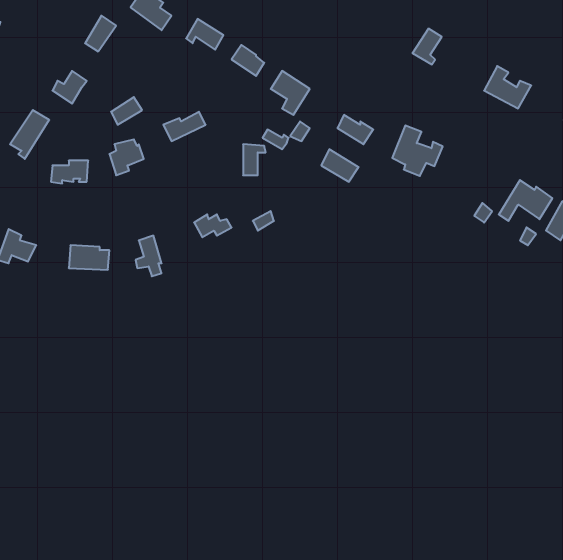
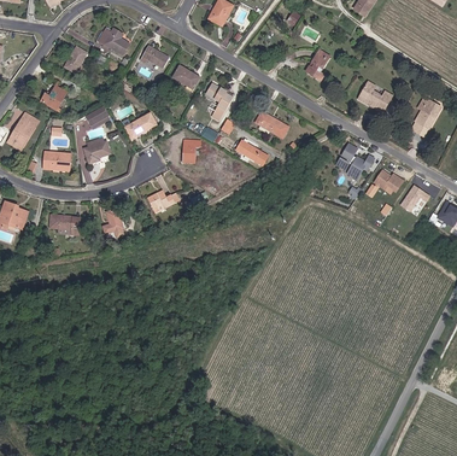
building: [392,125,443,176] -> [342,140,380,177]

